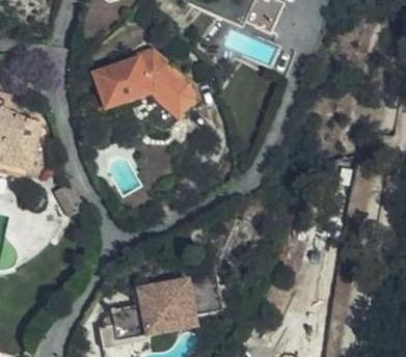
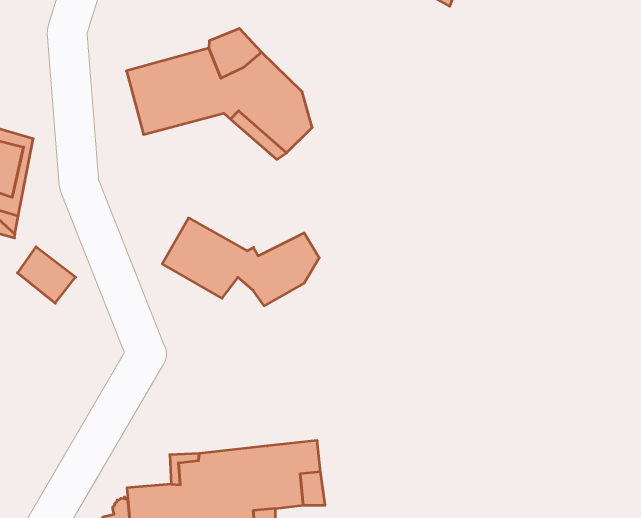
building: none -> [162,218,319,306]

